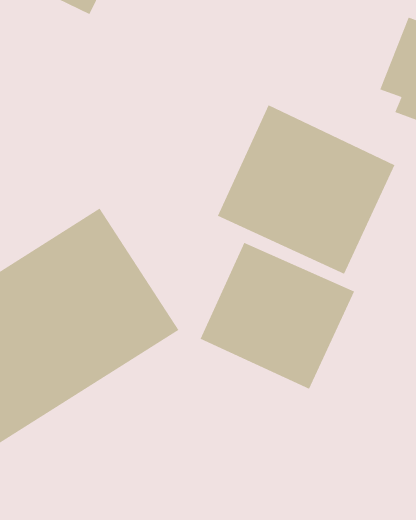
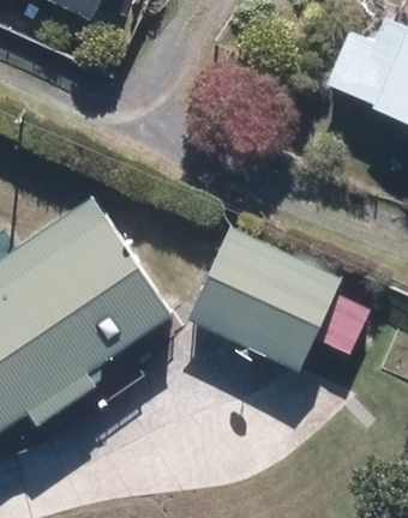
building: [217,104,396,275] -> none

